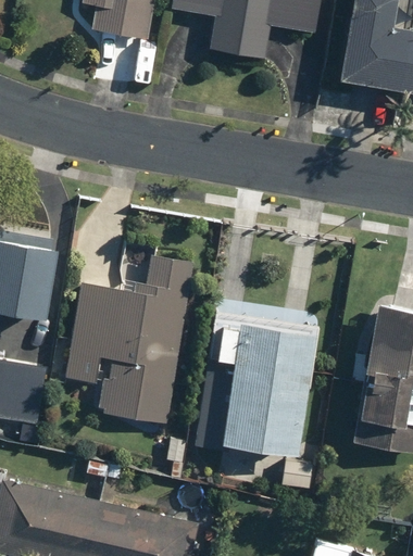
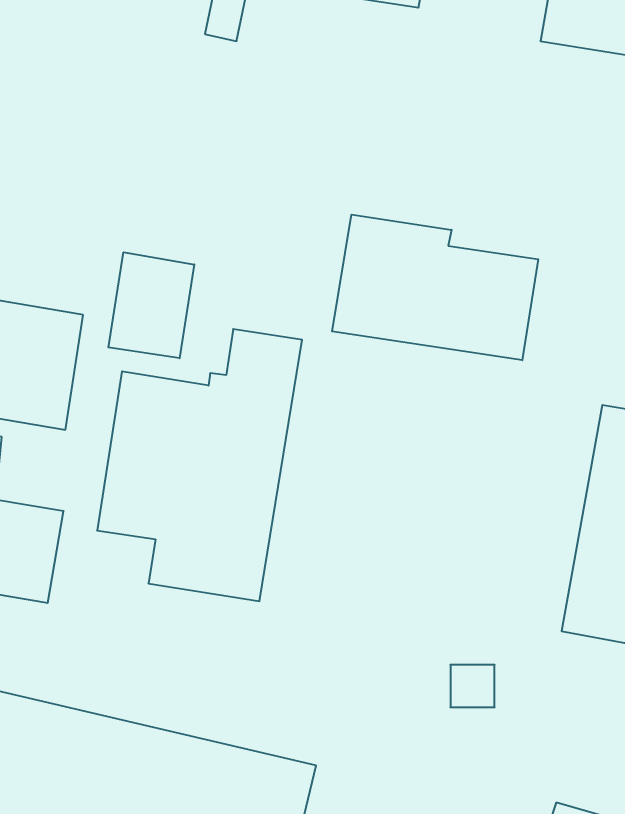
building: none -> [332,215,538,360]
building: none -> [108,252,194,358]
building: [195,317,316,454] -> none

